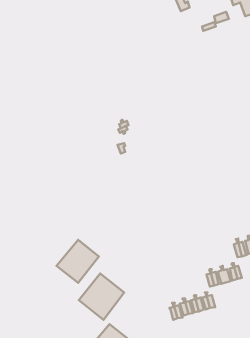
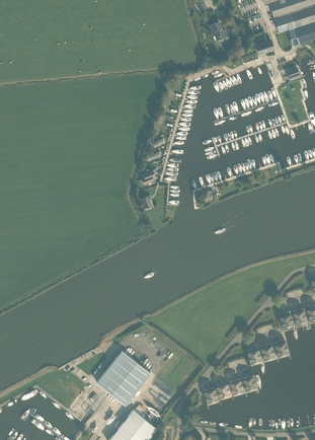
building: [57,240,99,283] -> none

